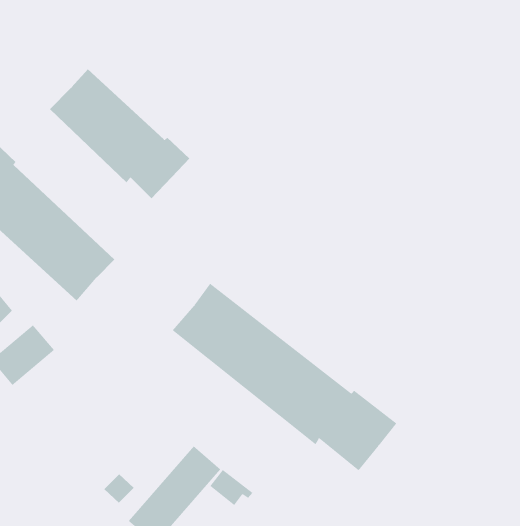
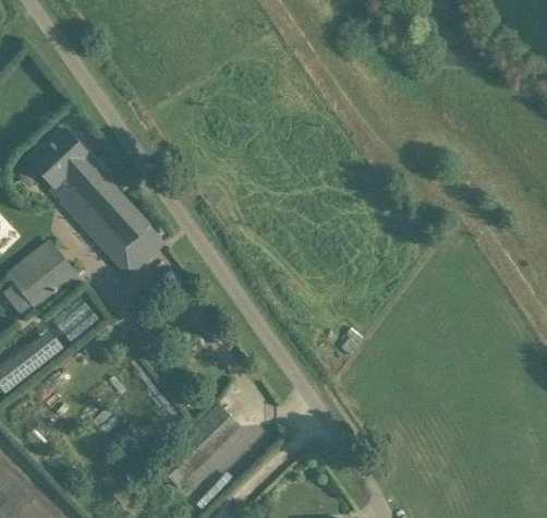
building: [49,68,190,199] -> none
building: [172,283,397,471] -> none

